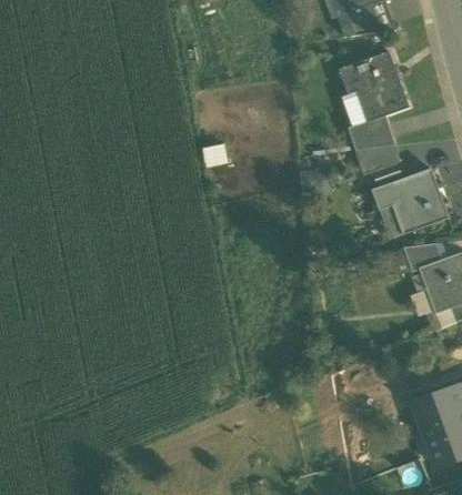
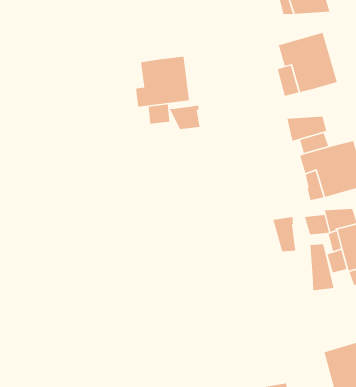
building: none -> [135,56,190,108]
building: [348,113,395,148] -> none
building: none -> [169,105,200,130]
building: none -> [272,216,296,252]
building: none -> [309,243,335,291]

